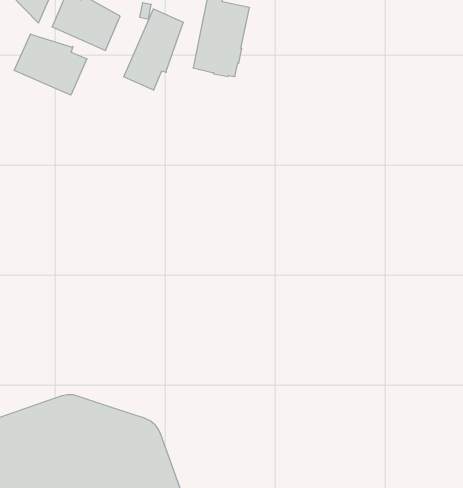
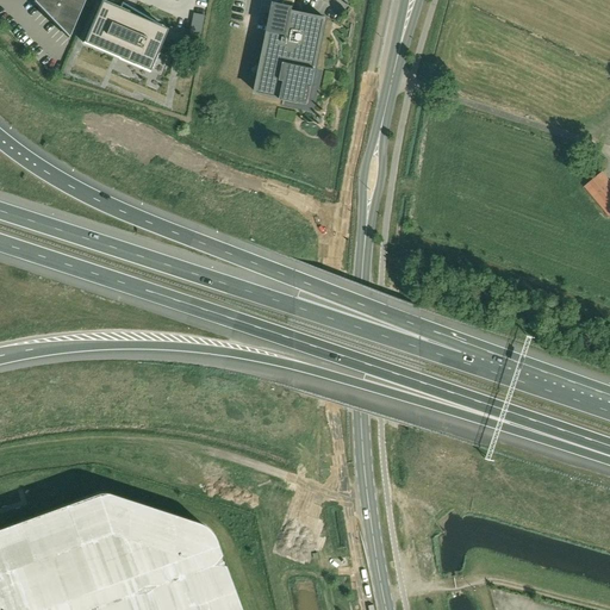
building: [124,9,183,90] -> none
building: [14,34,87,95] -> none

